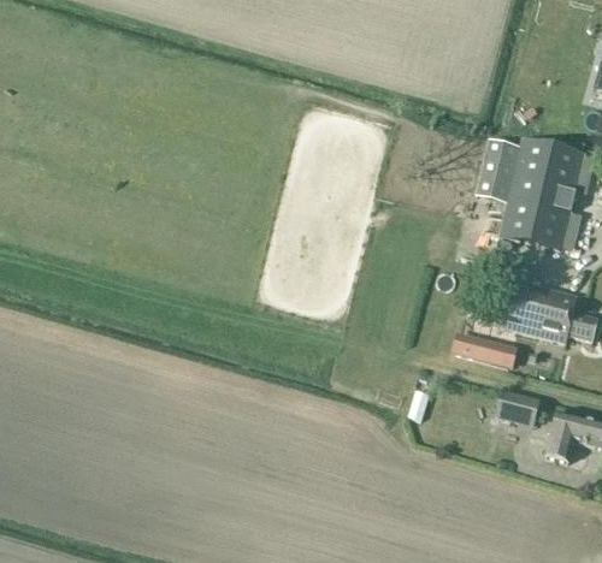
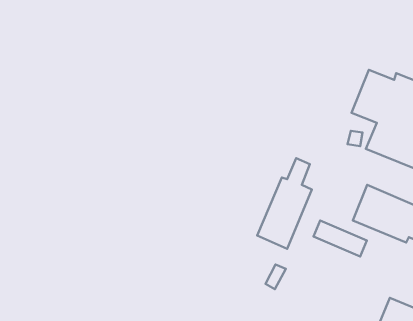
building: none -> [257,158,312,249]
building: [496,390,541,426] -> none

